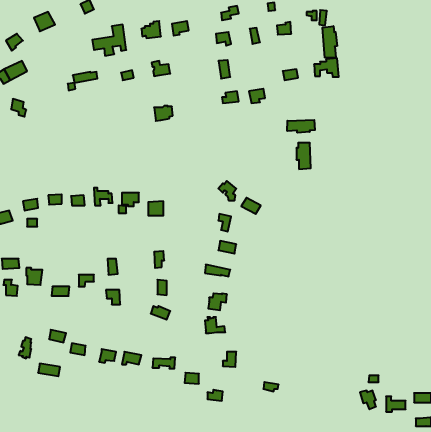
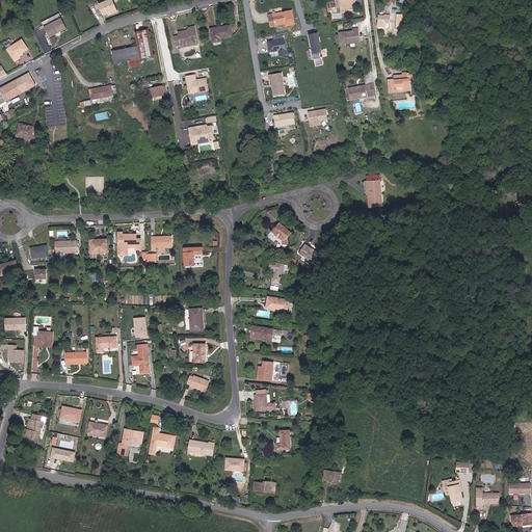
building: [323,26,337,58] -> none
building: [287,120,315,133] -> none

